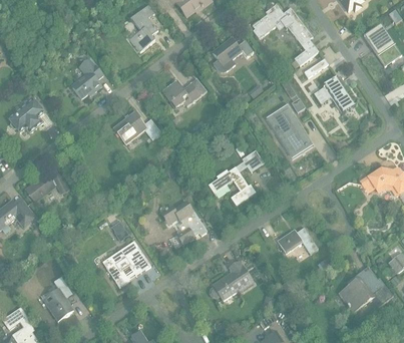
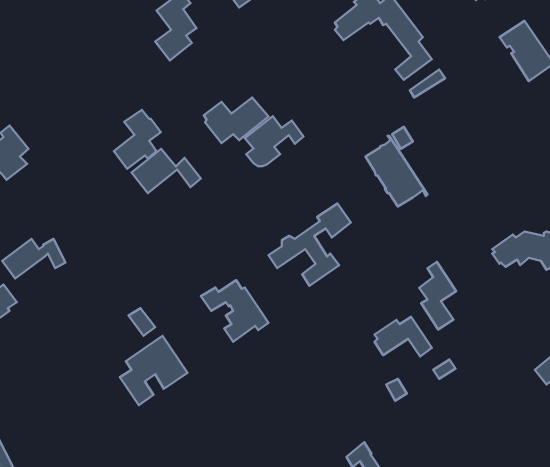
building: [211,37,251,71] -> [245,116,304,166]
building: [70,58,102,98] -> [114,110,161,169]
building: [313,76,353,112] -> none
building: none -> [419,262,456,330]
building: [209,261,252,300] -> none
building: [337,270,392,313] -> none
building: [46,277,72,322] -> none

